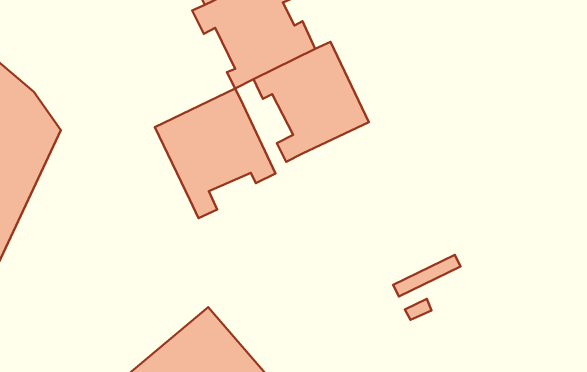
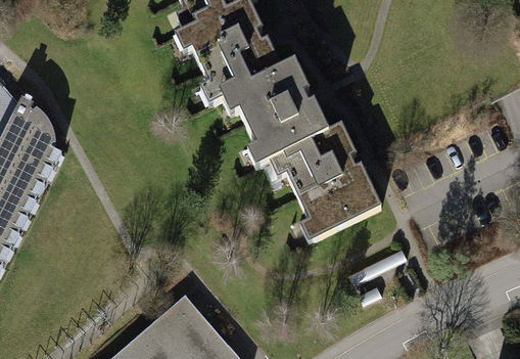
building: [155,88,275,218] -> none
building: none -> [269,125,385,243]

